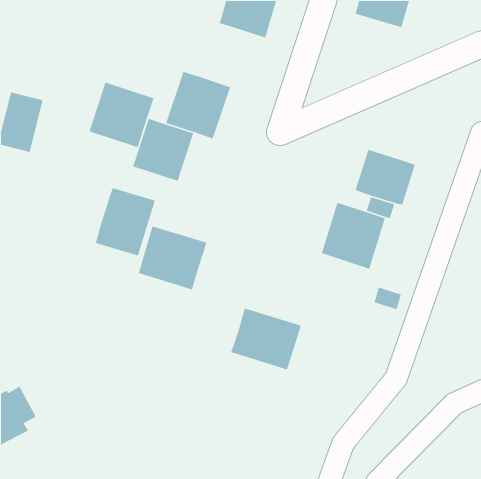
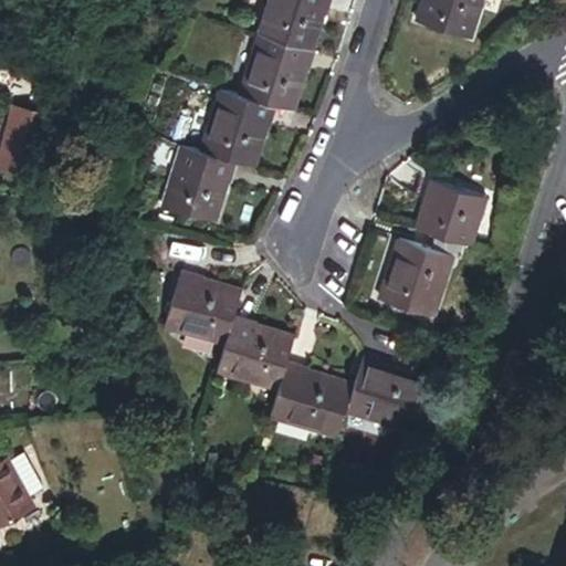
building: none -> [237,31,313,112]
building: [88,82,155,148] -> none
building: [95,187,156,257] -> none
building: none -> [218,317,296,390]
building: none -> [346,358,431,434]

